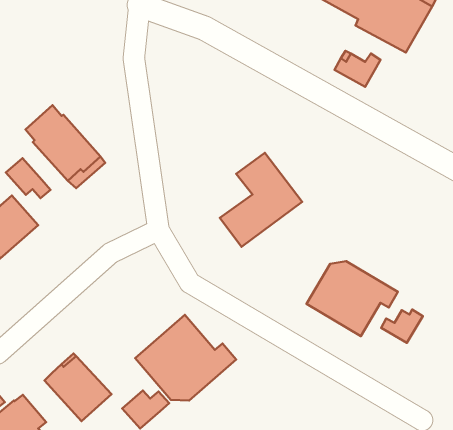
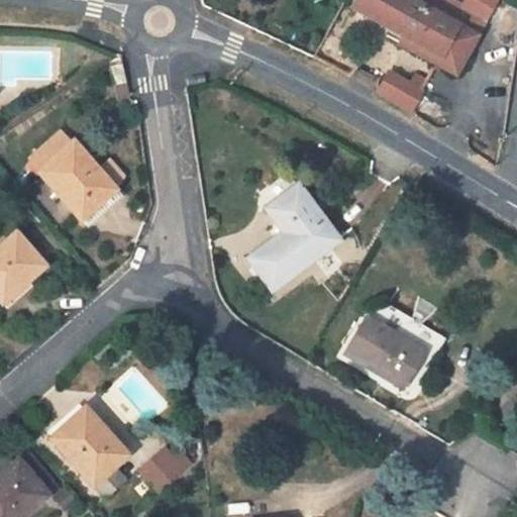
building: [6,158,51,198] -> none
building: [381,309,423,343] -> none
building: [135,315,236,401] -> none

